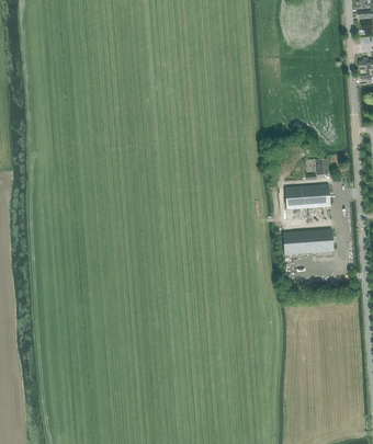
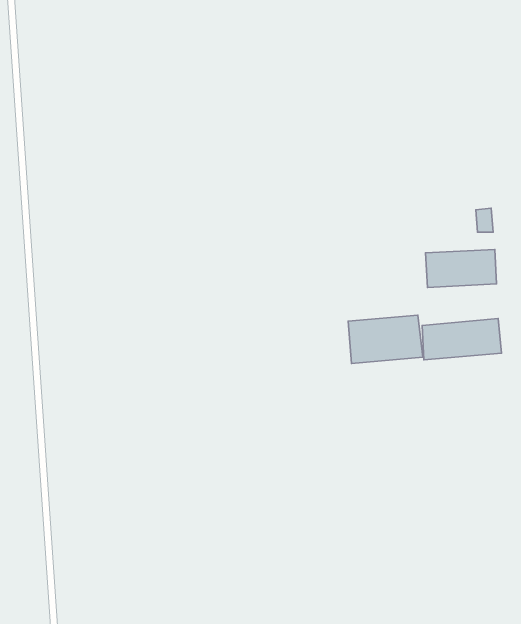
building: none -> [348,315,423,363]

